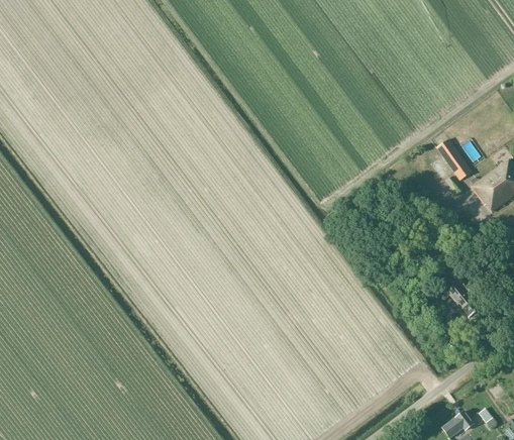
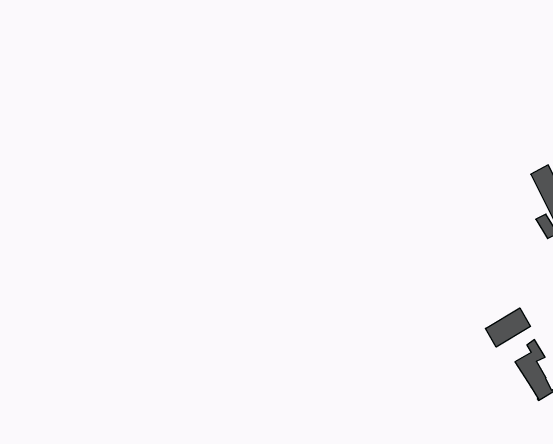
building: none -> [485,308,530,347]

